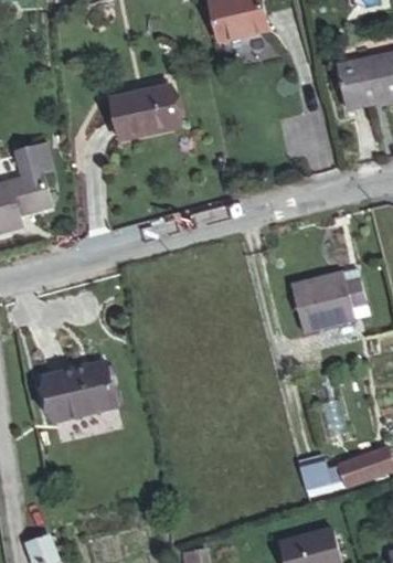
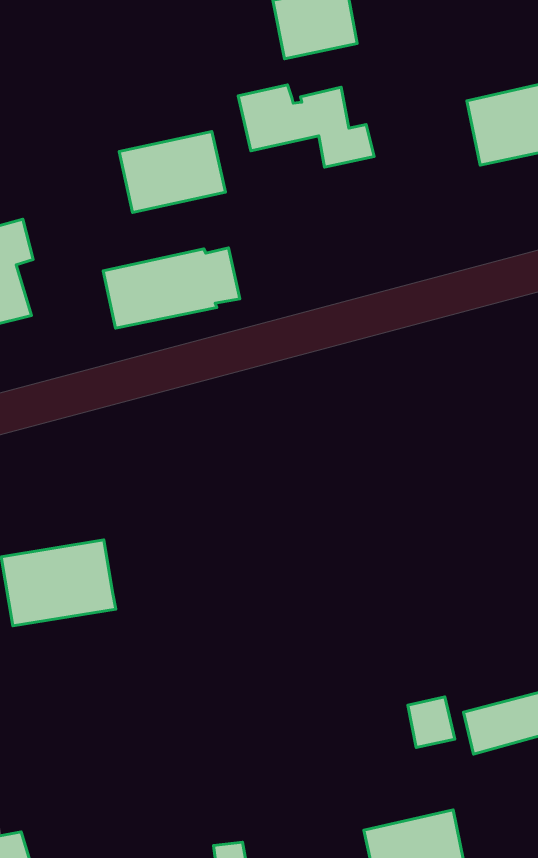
building: none -> [238,85,374,167]
building: none -> [103,248,240,328]
building: [287,282,357,340] -> none

